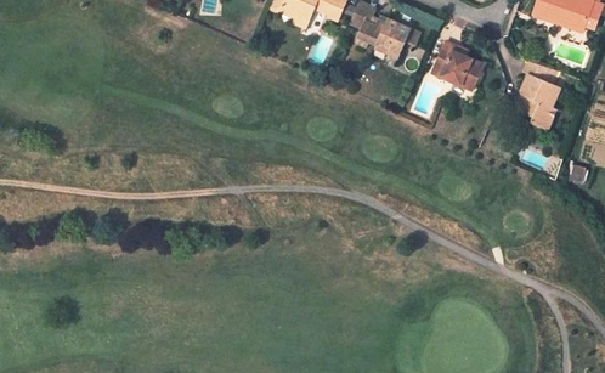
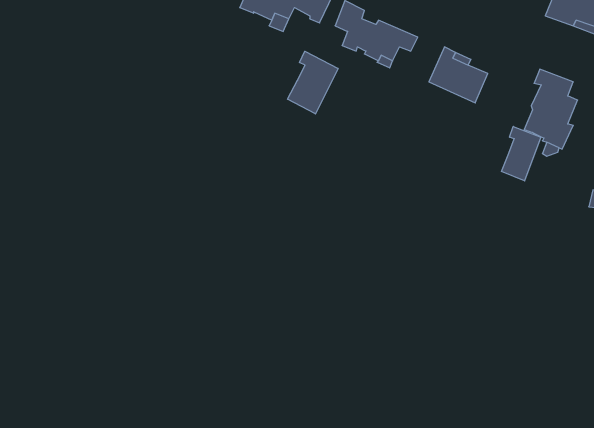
building: none -> [288,51,338,114]
building: none -> [502,126,541,181]

